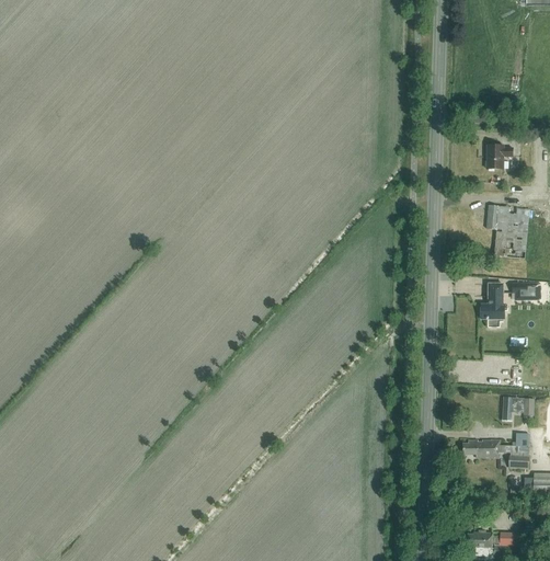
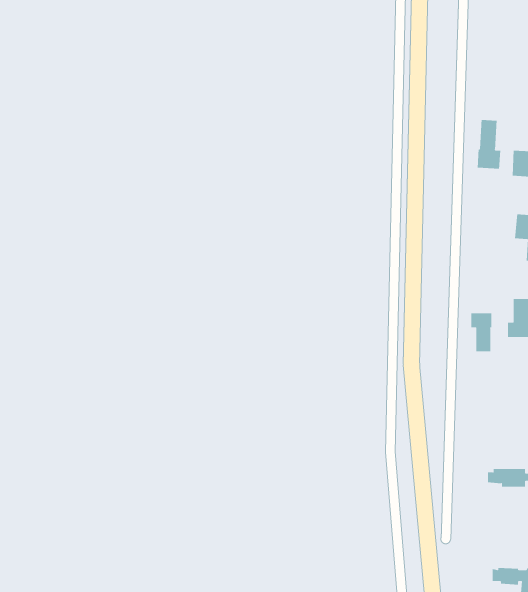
building: none -> [477,119,501,169]
building: none -> [471,312,492,352]

